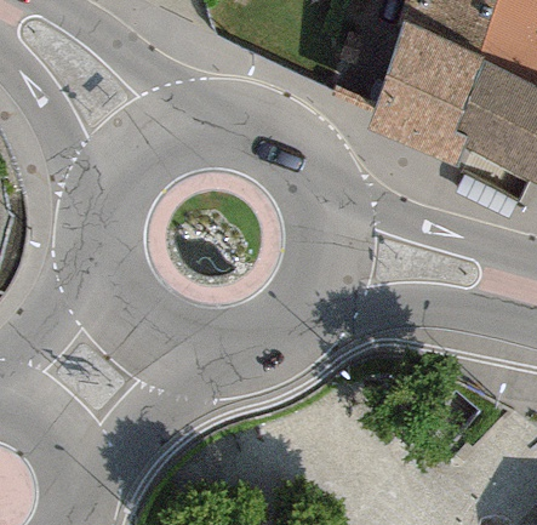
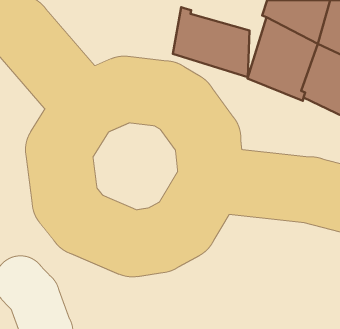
building: none -> [173,7,249,77]

